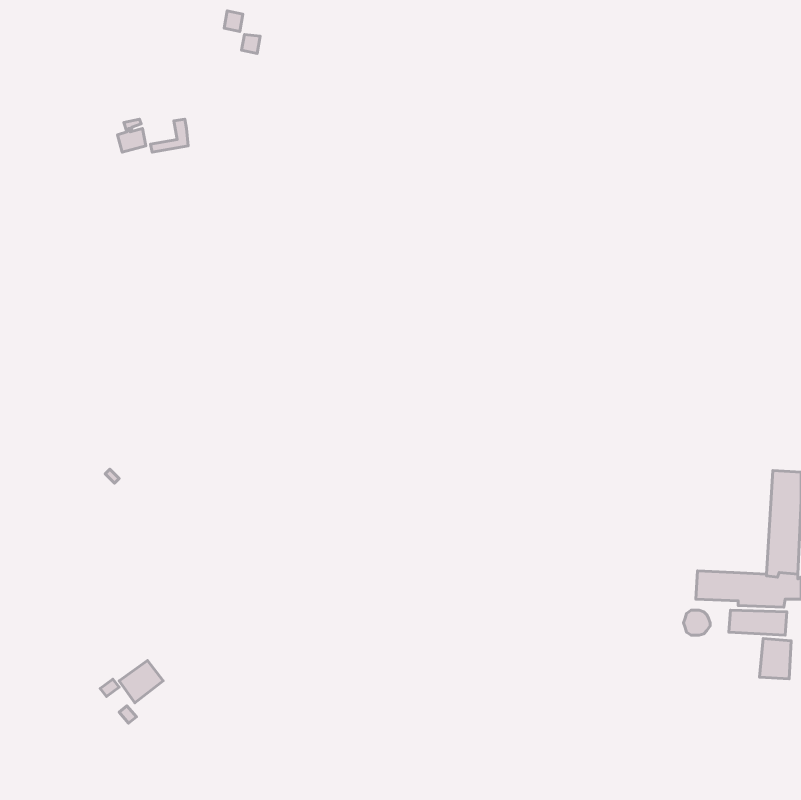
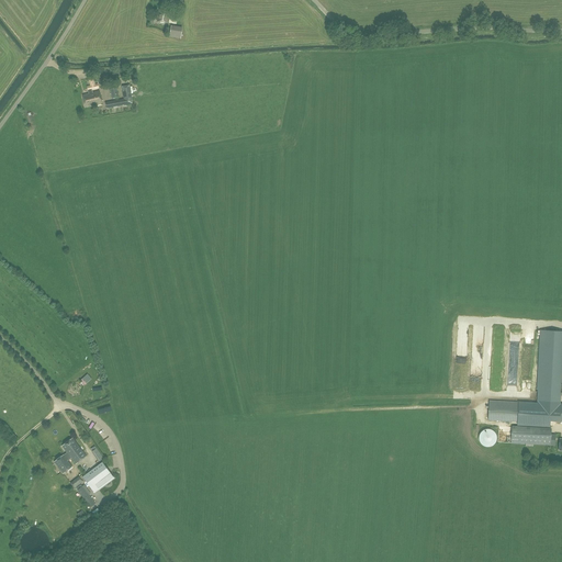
building: none -> [55,437,87,473]
building: [760,639,791,679] -> none

